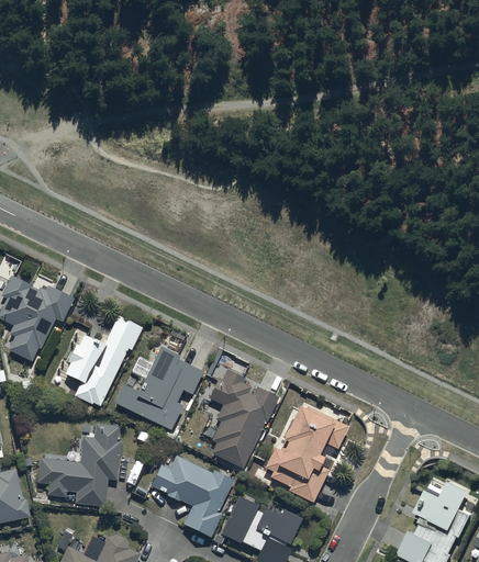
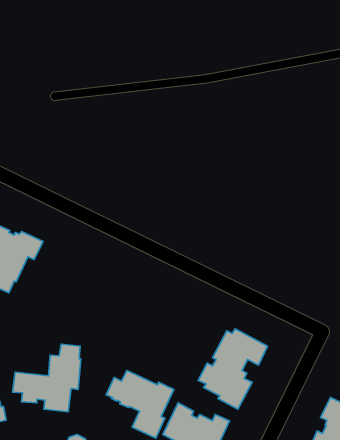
building: [65,315,143,406] -> none
building: [114,347,203,430] -> none
building: [209,369,279,469] -> none

